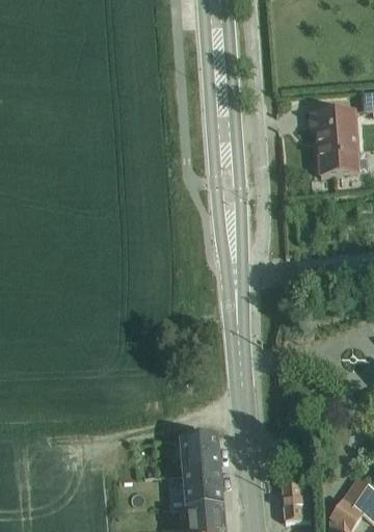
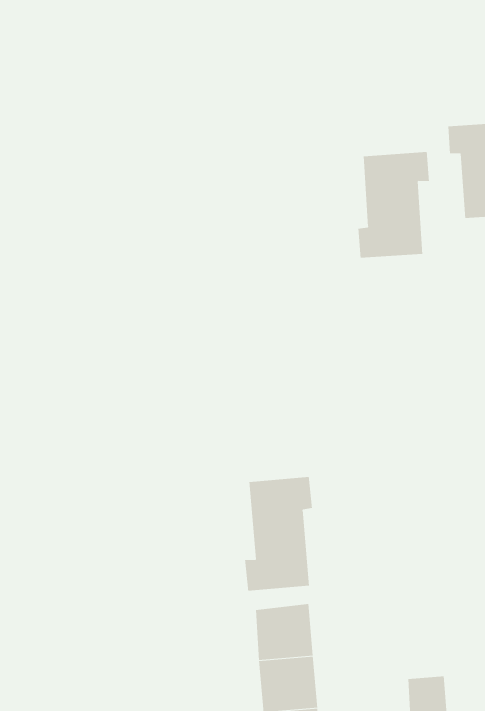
building: none -> [358,151,429,259]
building: none -> [245,476,312,592]

